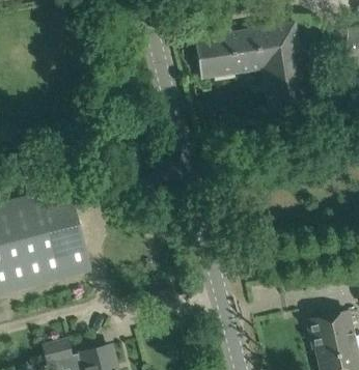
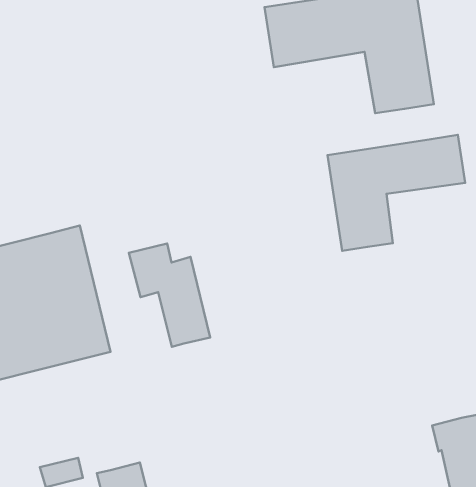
building: none -> [328,135,465,251]
building: none -> [129,243,210,347]

